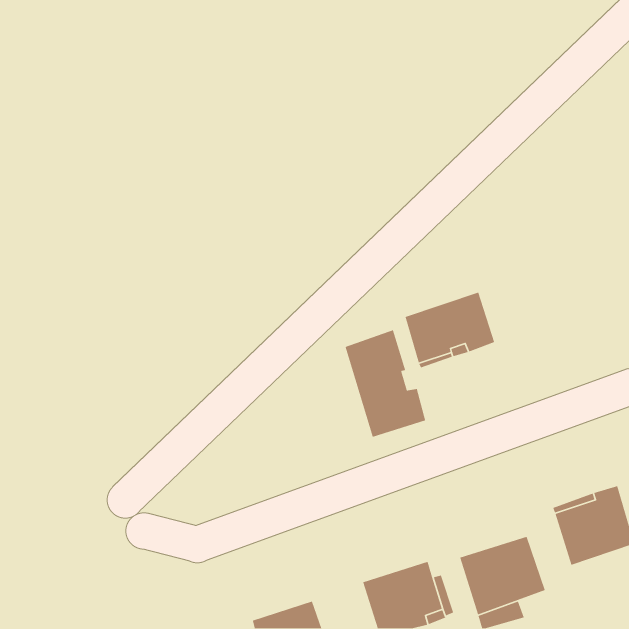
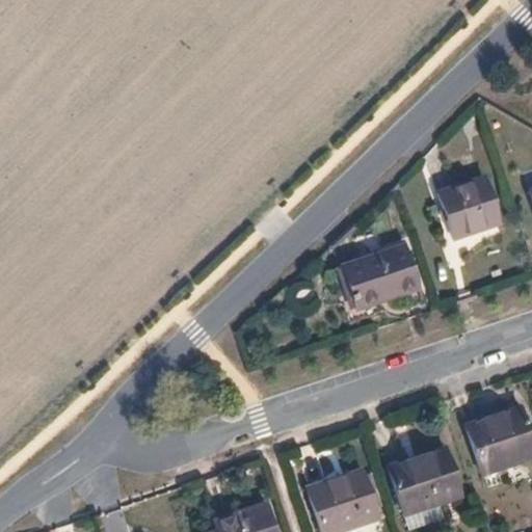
building: none -> [440,177,501,238]
building: [345,329,426,438] -> none

